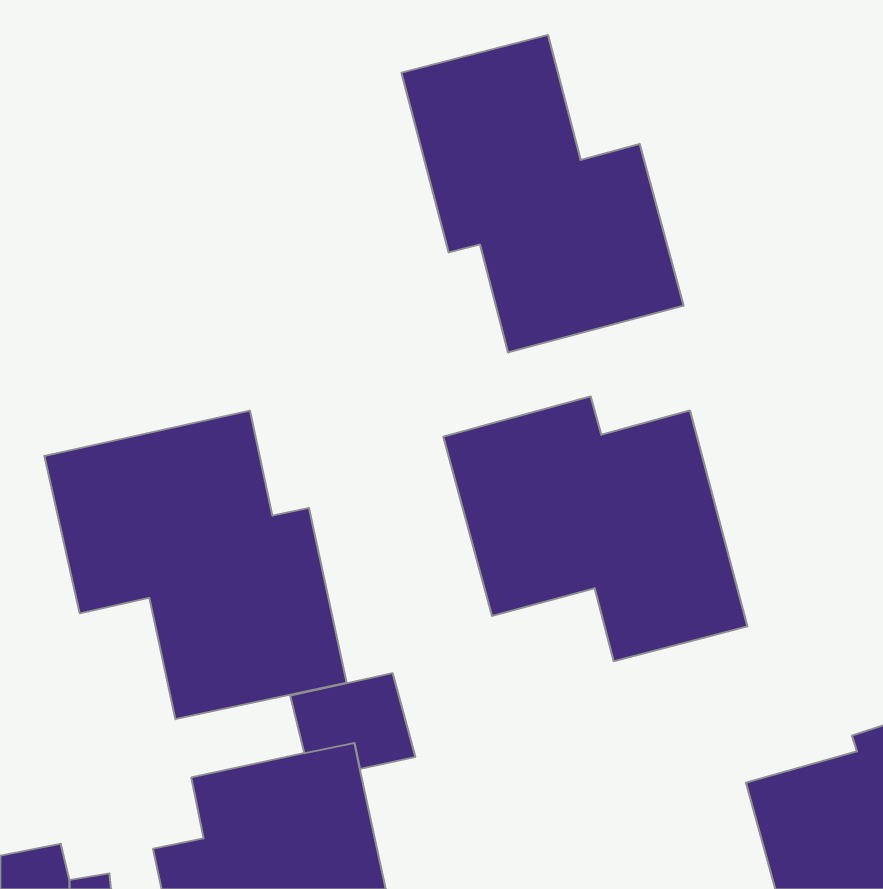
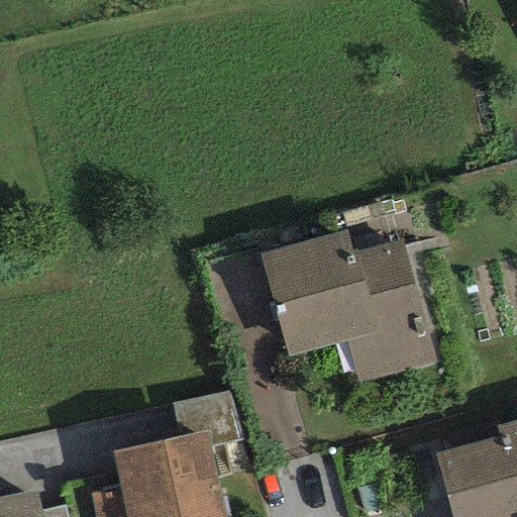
building: [402,35,683,353] -> none
building: [44,410,347,719] -> none

